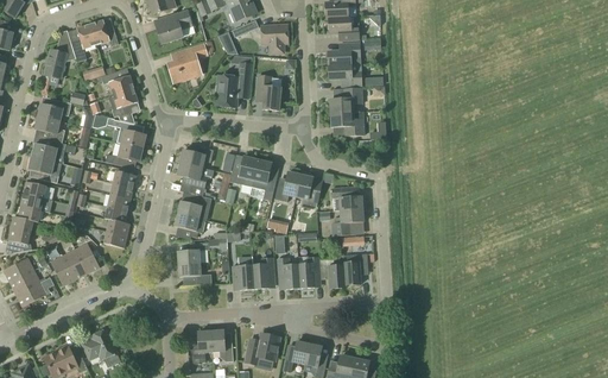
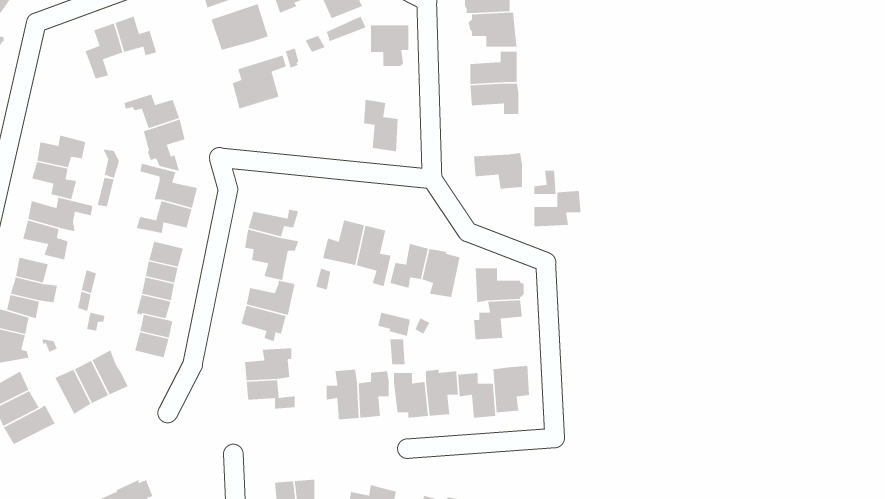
building: [44,43,76,78] -> none
building: [216,56,252,106] -> none
building: [330,88,362,113] -> [533,190,581,227]

